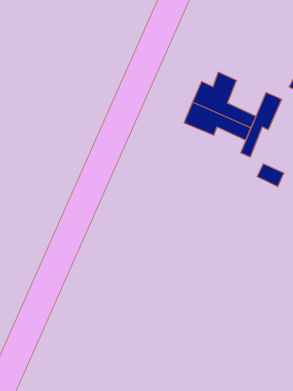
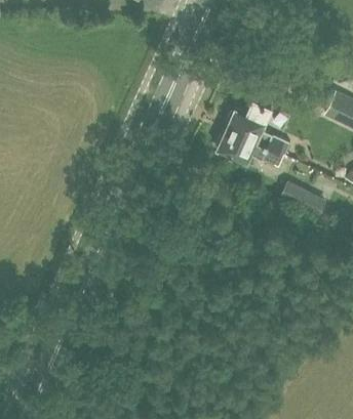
building: [241,92,282,157] -> none

